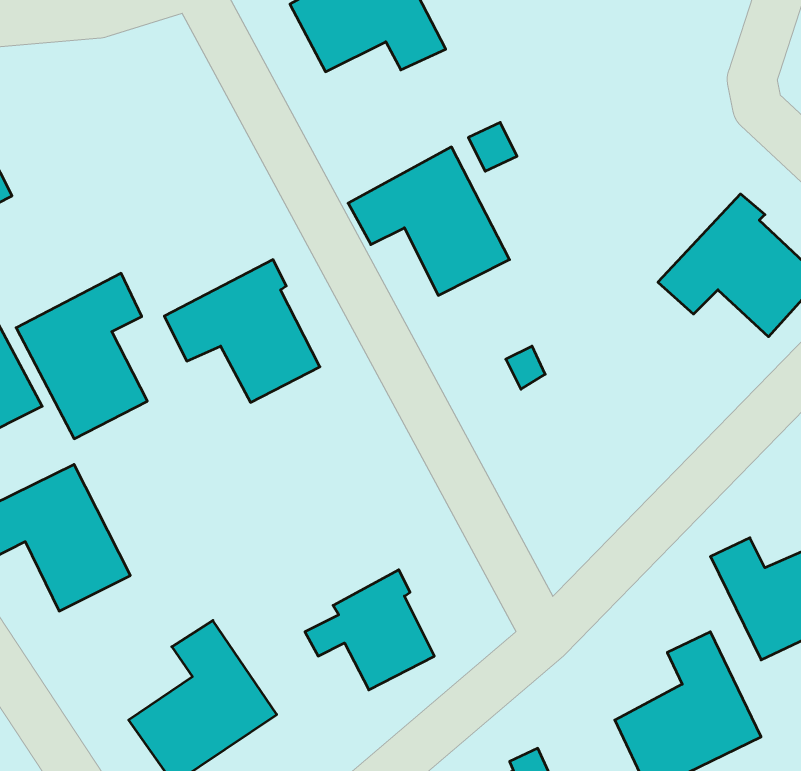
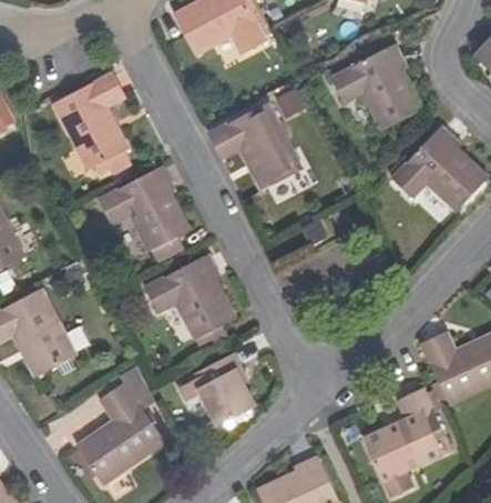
building: none -> [325,47,416,131]
building: [16,273,147,439] -> [49,72,126,170]
building: none -> [144,255,236,340]

